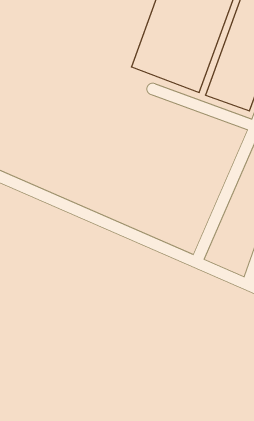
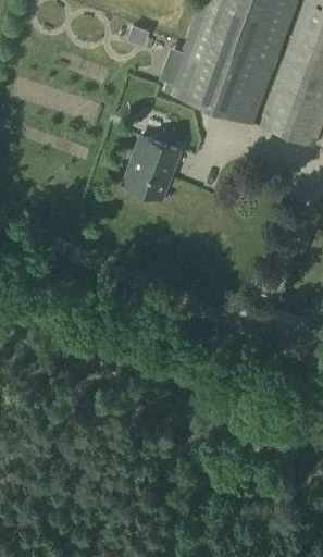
building: none -> [123,135,178,196]

